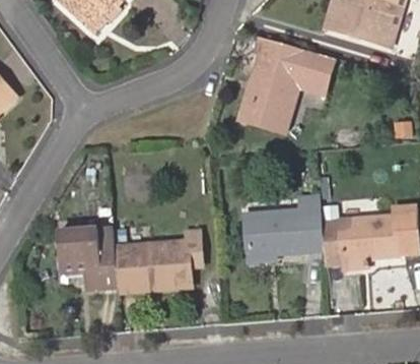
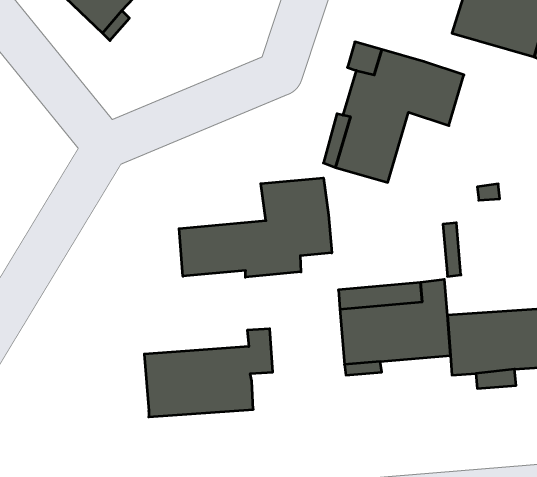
building: none -> [179,178,332,277]
building: [58,230,118,290] -> none

